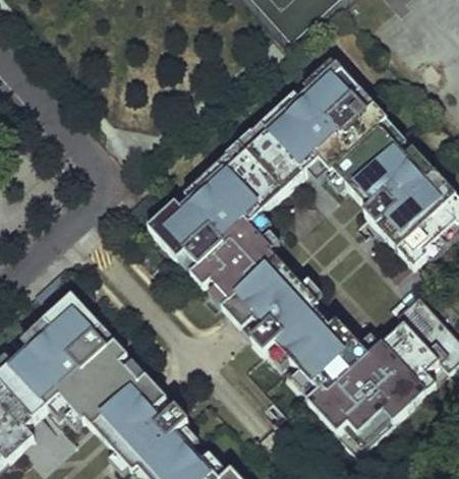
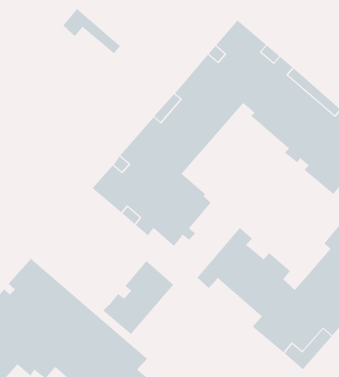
building: none -> [63,8,121,54]
building: [222,257,304,338] -> [102,260,174,335]

